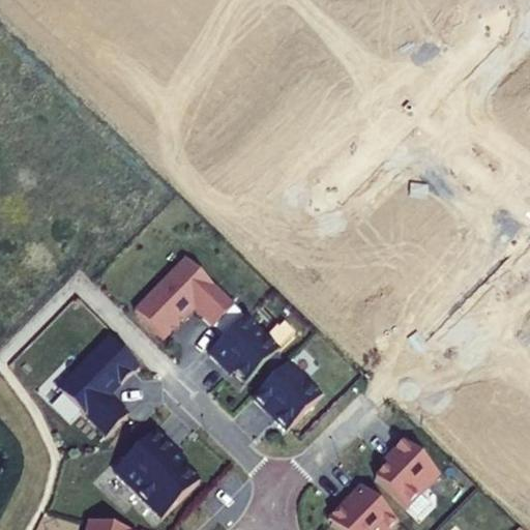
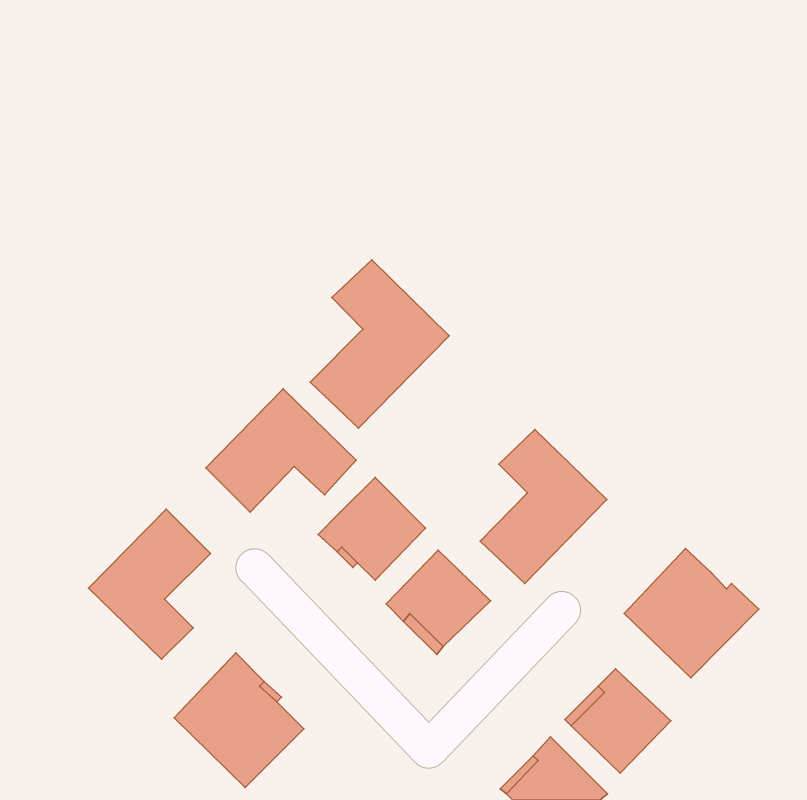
building: none -> [310,260,449,428]
building: none -> [480,430,607,584]
building: none -> [624,549,759,678]

